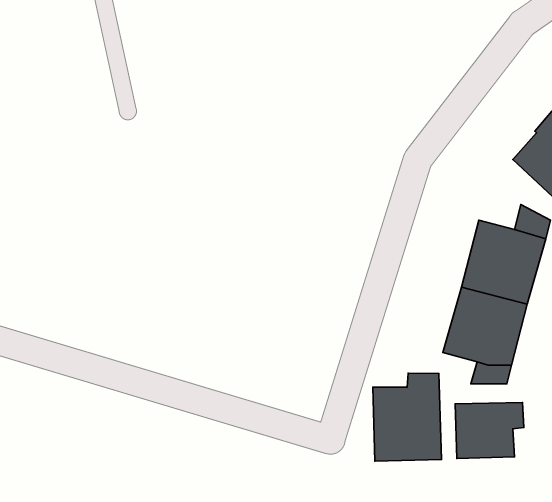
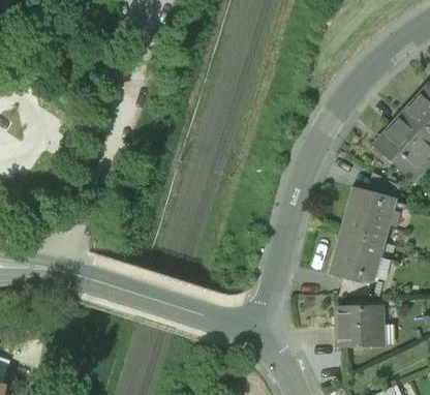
building: [373,373,442,461] -> none

